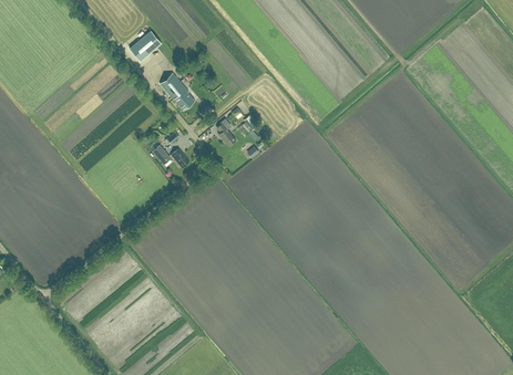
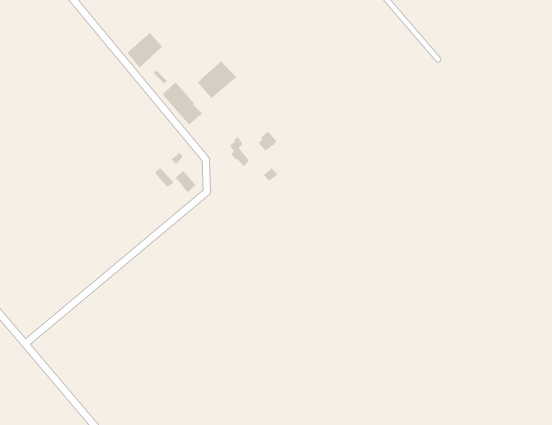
building: none -> [197,61,237,99]

